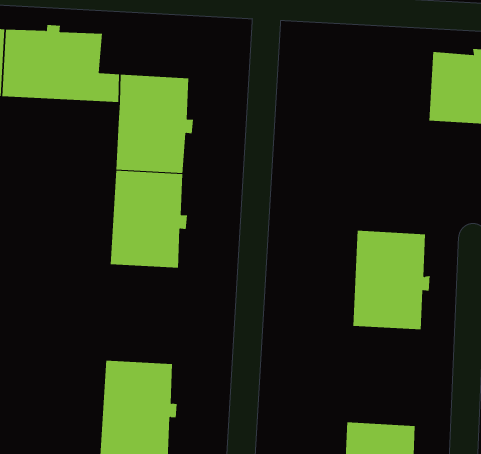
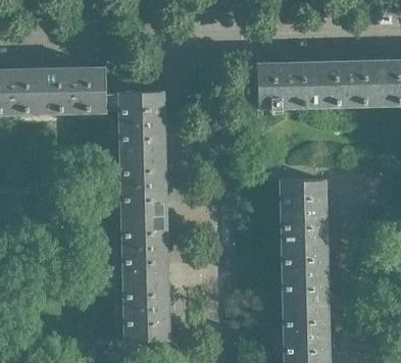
building: none -> [256,60,319,109]
building: none -> [120,216,170,279]
building: none -> [281,244,330,307]

